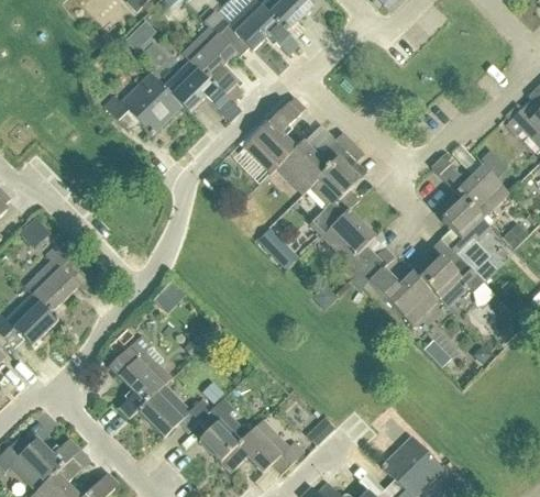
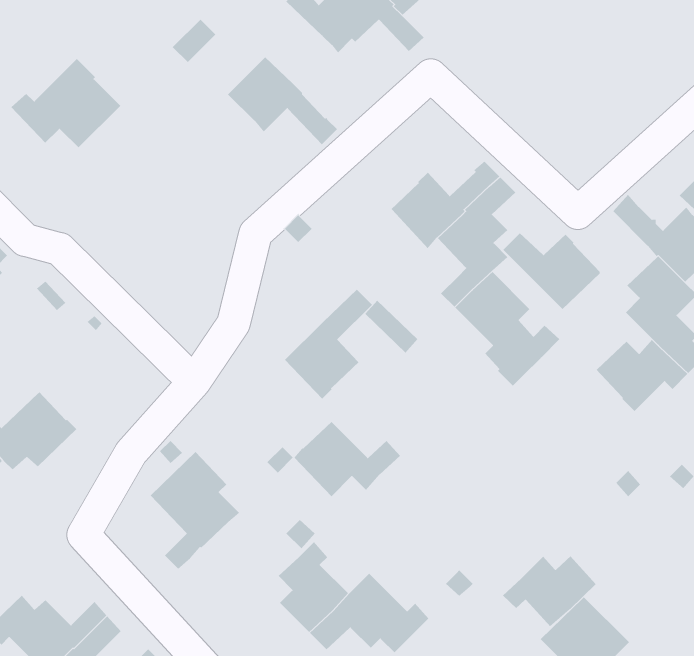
building: [183,26,242,102] -> none
building: [104,71,181,134] -> [10,58,121,148]
building: [243,97,305,174] -> [284,289,373,399]
building: [24,244,80,312] -> none
building: [370,269,438,323] -> [502,232,600,310]
building: [137,384,212,437] -> [293,421,401,497]
building: none -> [502,556,596,627]

